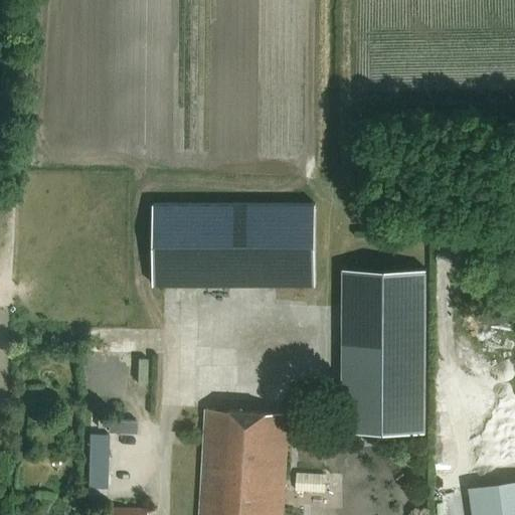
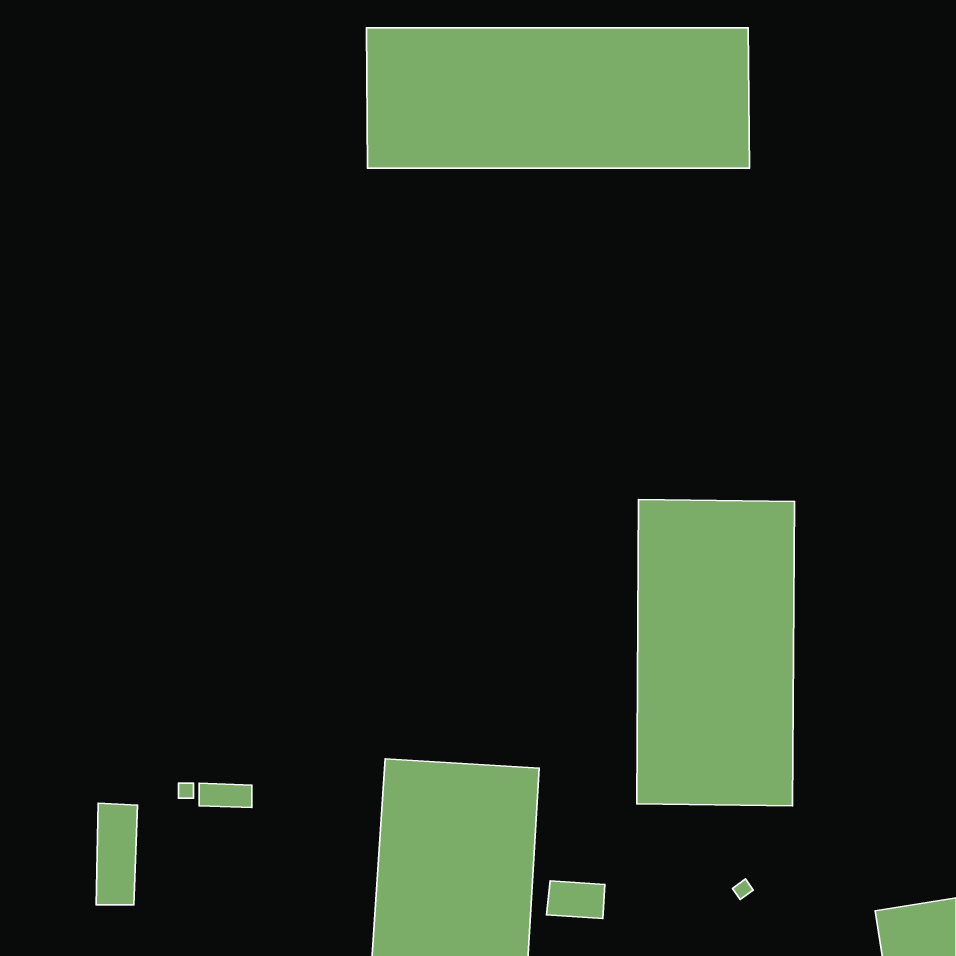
building: none -> [366,28,749,168]
building: [152,205,313,287] -> none
building: [85,436,108,490] -> [96,803,137,905]

